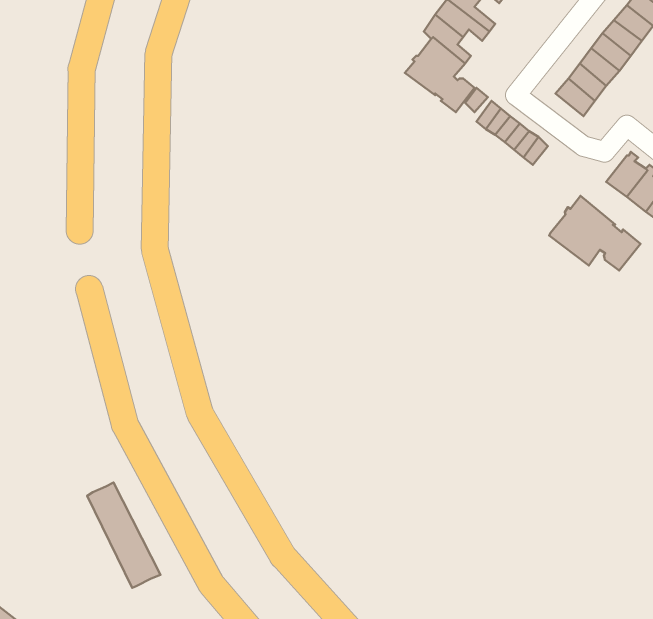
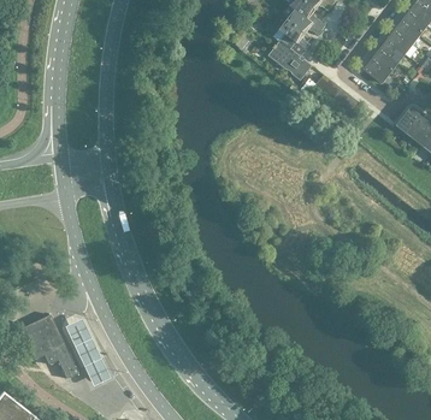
building: [549,196,641,270] -> none
building: none -> [19,314,77,378]

